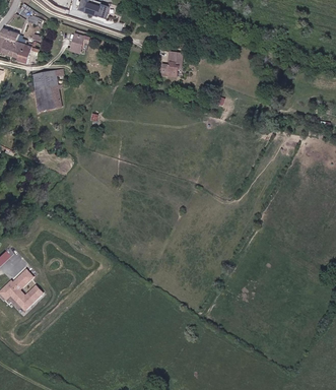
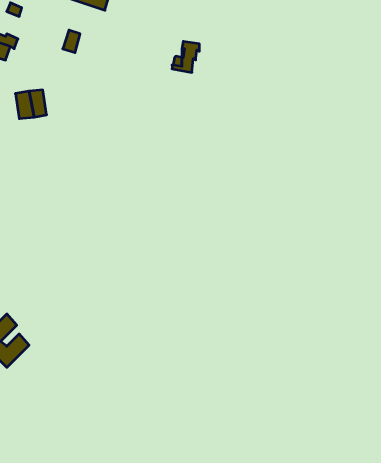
building: [31,69,64,88] -> none

